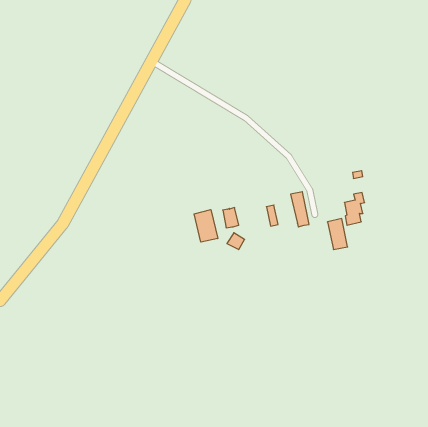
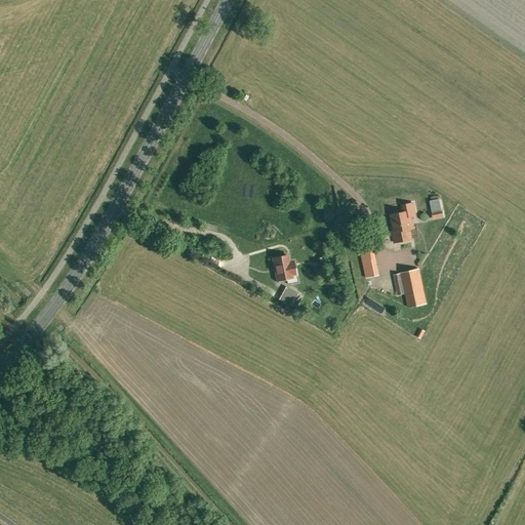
building: [344,193,365,225] -> [391,202,415,242]
building: [194,210,218,242] -> none

